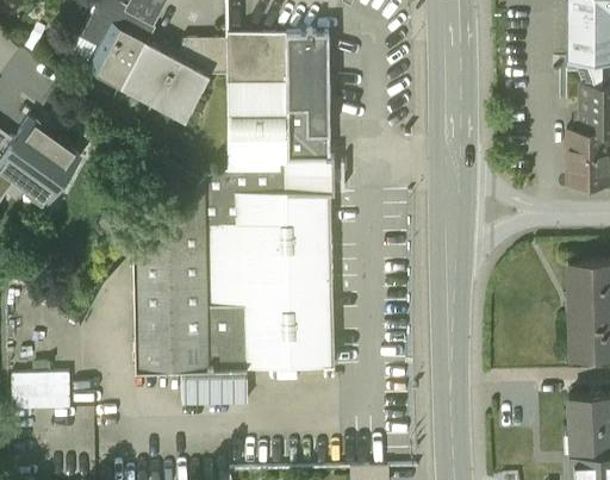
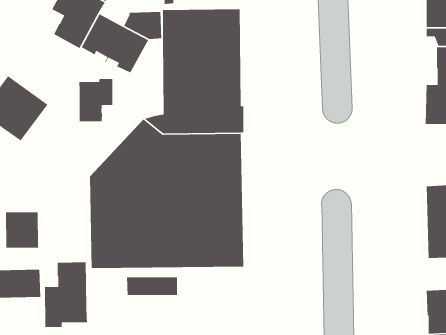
building: none -> [78,78,113,122]
building: none -> [5,212,39,248]
building: none -> [44,261,88,328]

